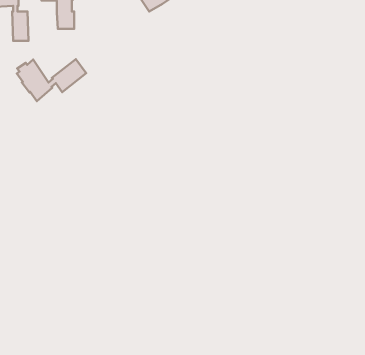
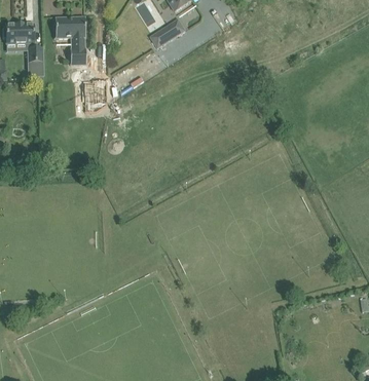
building: [17,59,86,101] -> none

